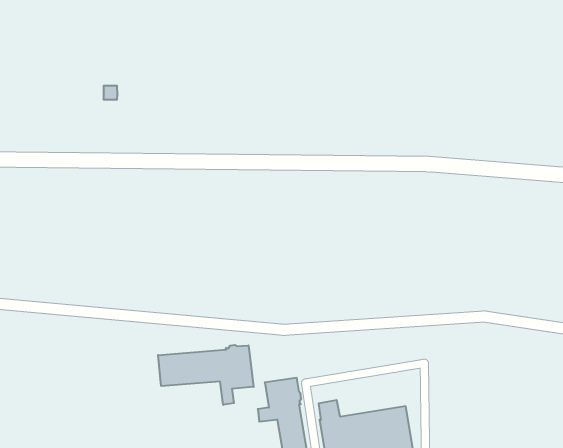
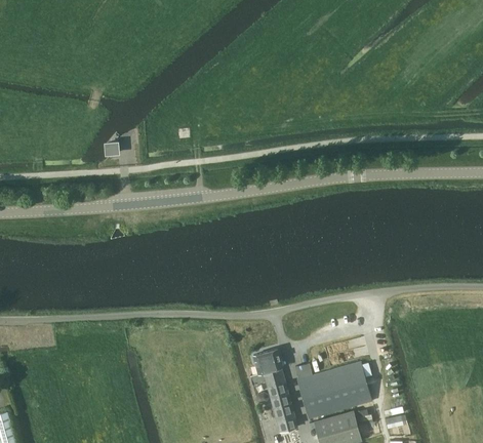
building: [158,345,254,405] -> none

